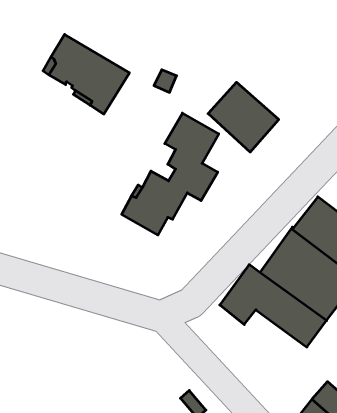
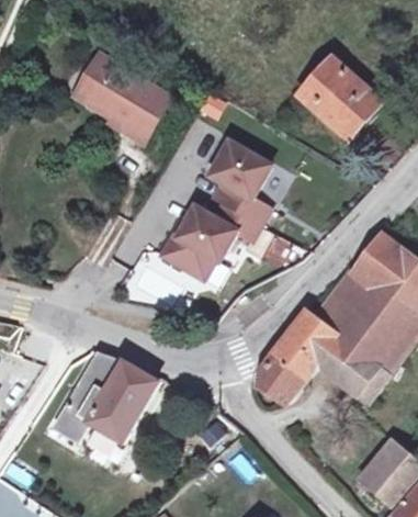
building: [208,82,279,152] -> [301,58,380,136]
building: none -> [54,351,158,441]
building: none -> [257,355,300,401]

